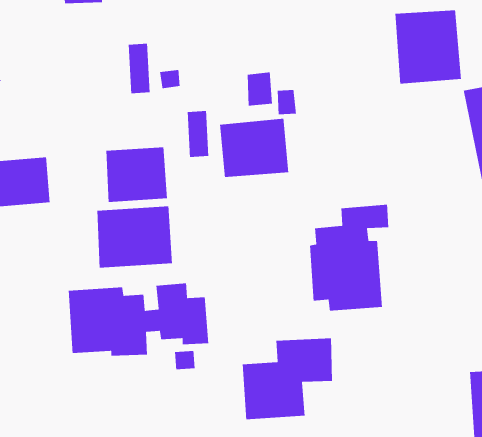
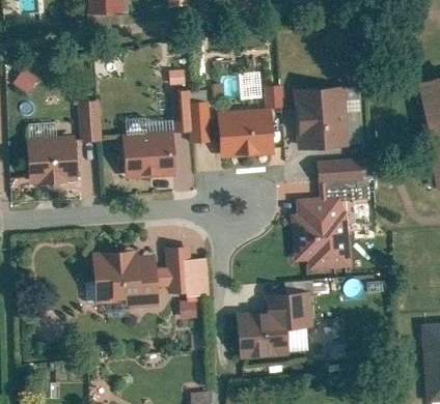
building: [394,9,462,84] -> [295,88,351,150]
building: [128,43,150,94] -> [172,90,191,133]
building: none -> [78,100,103,141]
building: none -> [318,157,363,183]
building: [97,206,173,268] -> none

